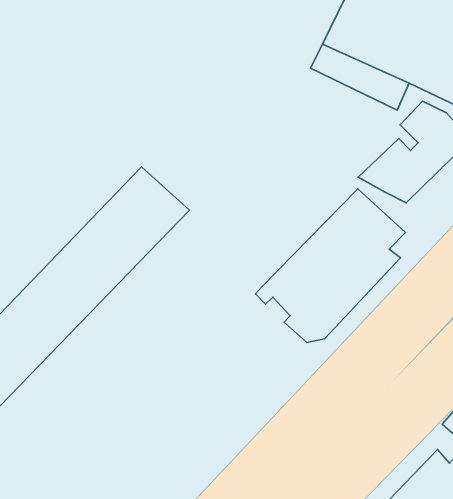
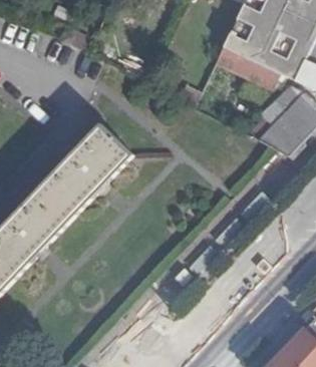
building: [255,189,405,342] -> none

